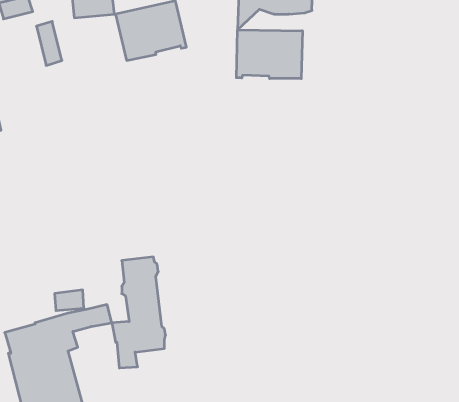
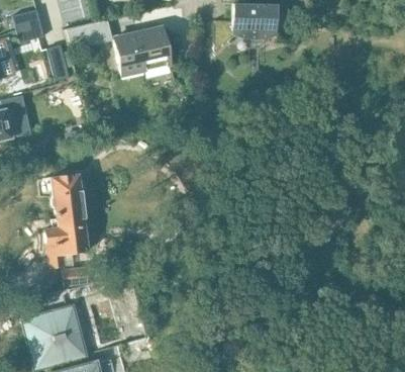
building: [236,30,302,79] -> none
building: [112,257,166,368] -> [45,173,90,265]

